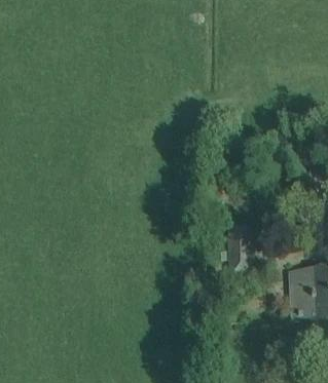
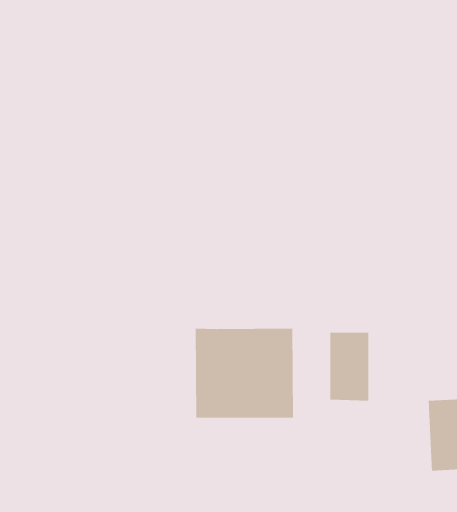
building: none -> [195,328,294,419]

